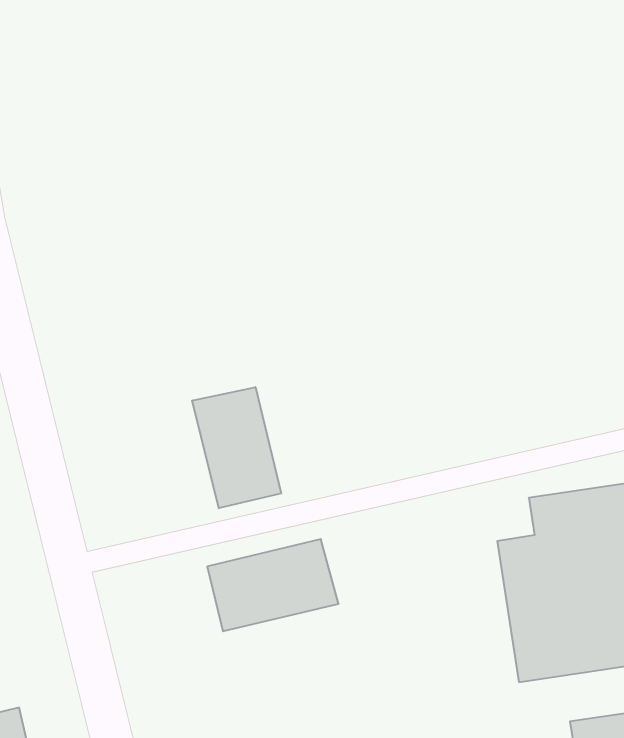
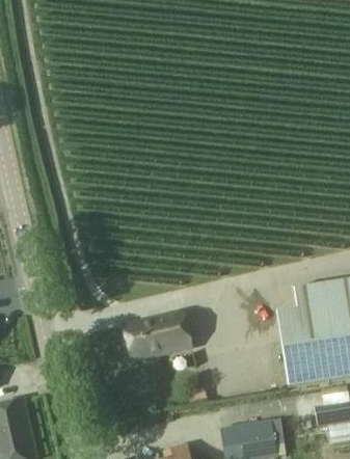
building: [192,387,281,508] -> none

